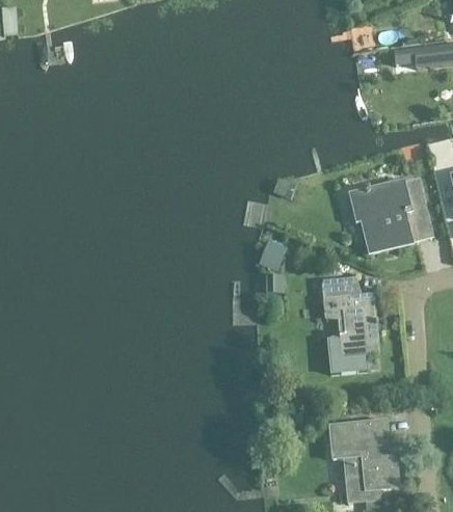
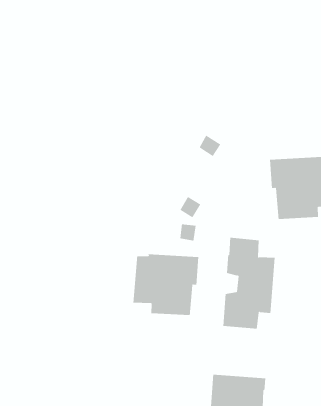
building: none -> [133,253,199,316]

